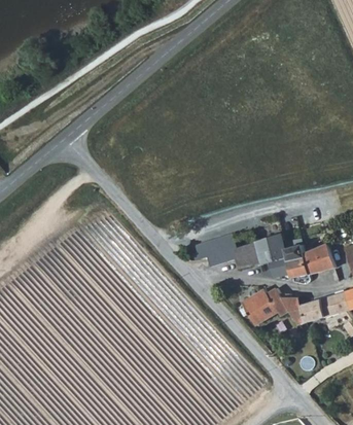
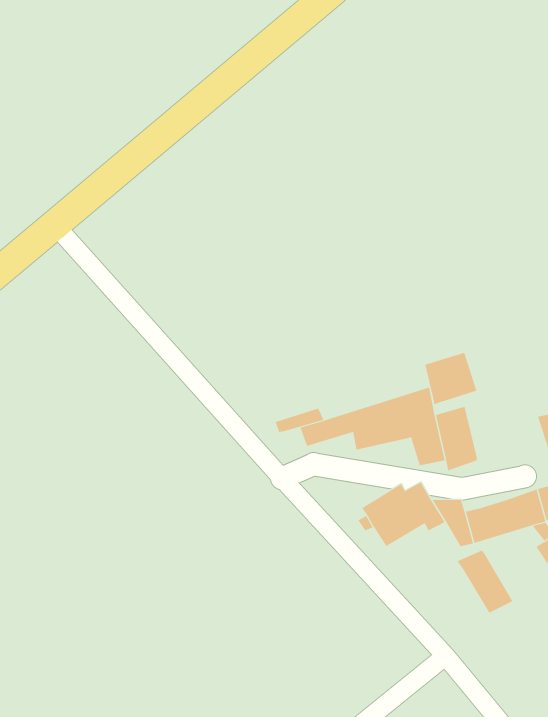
building: [306,244,337,275] -> [424,352,477,405]
building: none -> [457,550,513,614]

